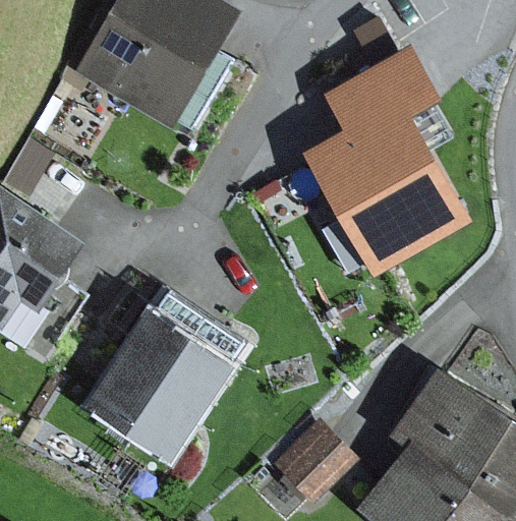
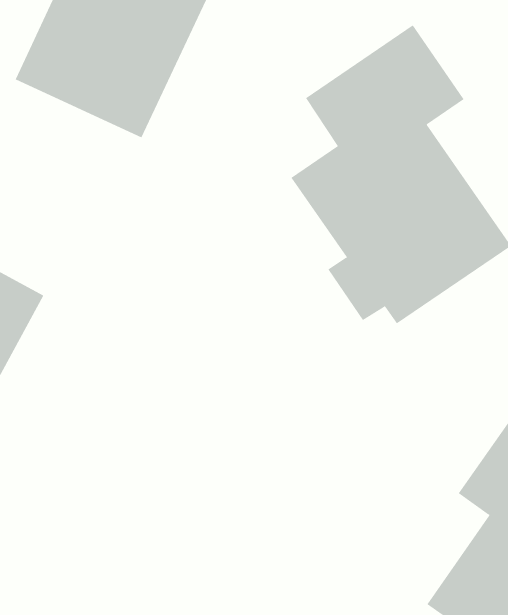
building: [91,305,234,452] -> none
building: [276,415,358,498] -> none

